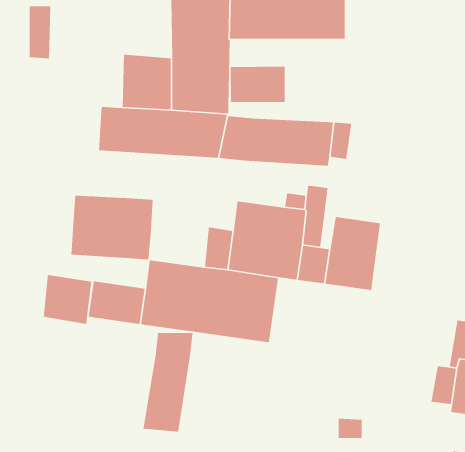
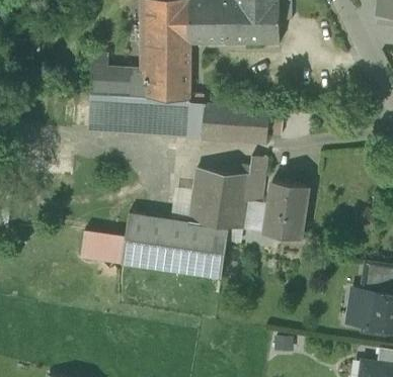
building: [29,5,51,59] -> [90,56,107,97]
building: [230,66,286,103] -> none
building: [70,195,153,260] -> none
building: [43,274,92,325] -> none
building: [143,332,193,432] -> none

